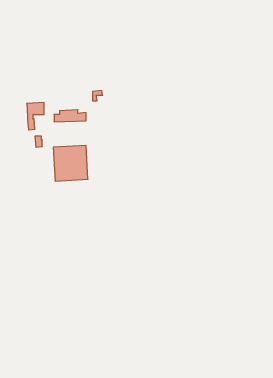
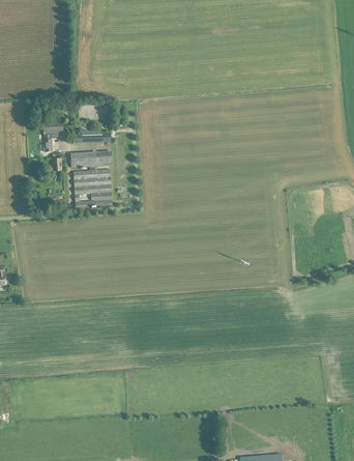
building: none -> [69,149,112,166]

